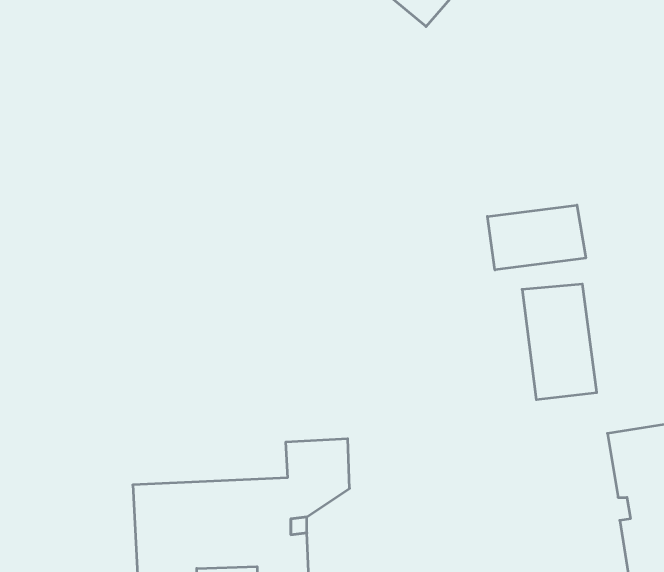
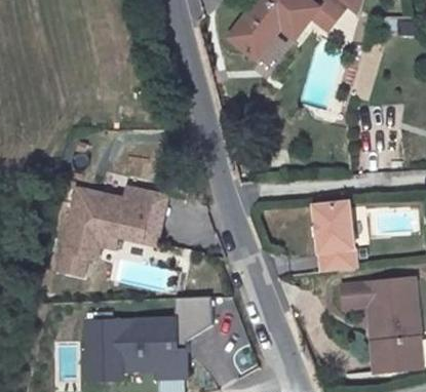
building: [487,205,586,270] -> none
building: none -> [69,181,162,280]

